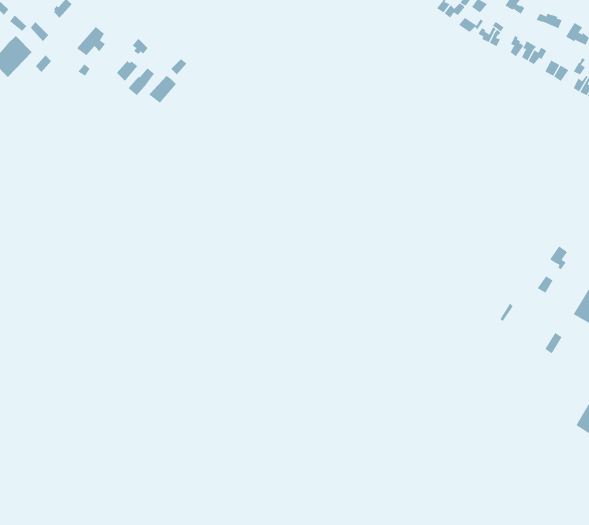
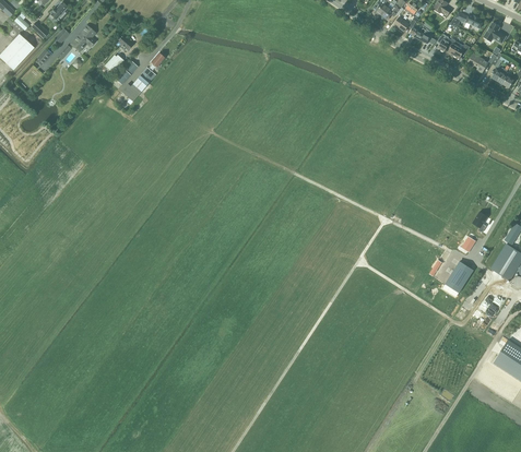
building: none -> [445,260,474,293]

